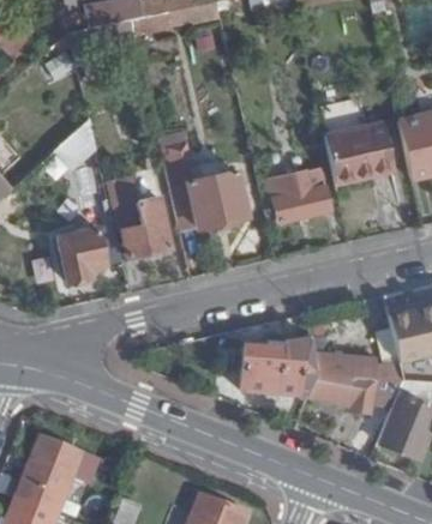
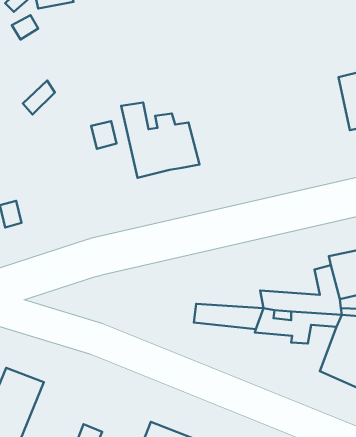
building: [326,122,396,183] -> none
building: [271,169,331,223] -> none
building: [118,197,172,255] -> none
building: [59,227,107,281] -> none
building: [246,337,319,372] -> none

